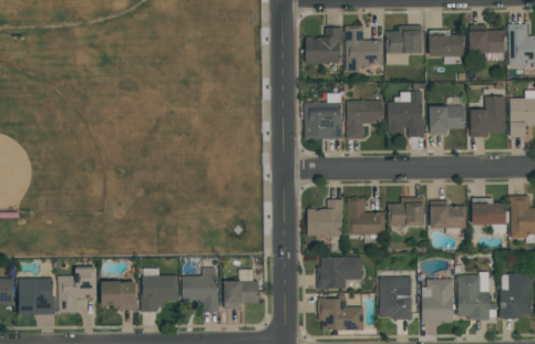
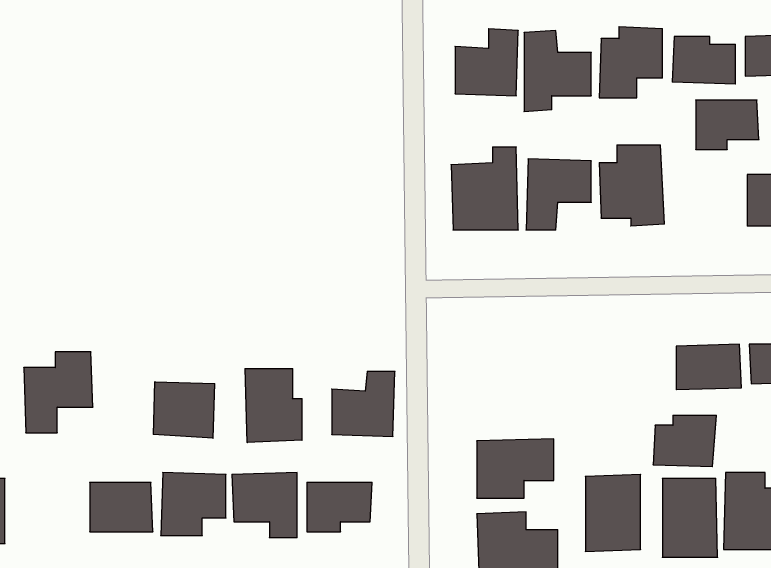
building: [430,106,465,134] -> [696,100,759,149]
building: [390,198,425,227] -> [653,415,716,467]
building: [308,199,343,236] -> [332,371,395,436]
building: [348,199,385,236] -> none
building: none -> [245,369,302,443]
building: none -> [153,382,215,438]
building: [59,268,97,313] -> [24,352,93,433]

